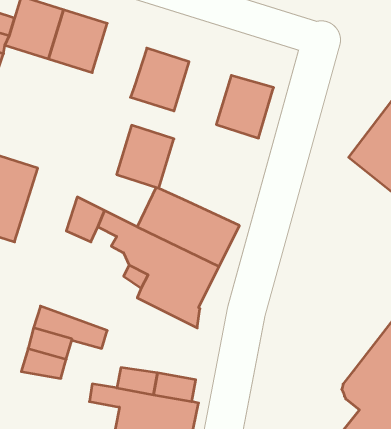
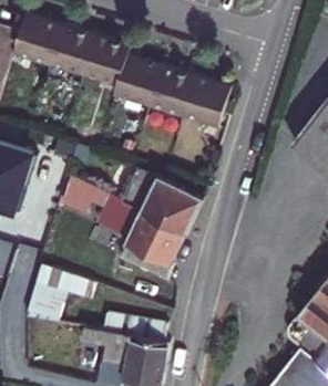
building: none -> [84,34,132,85]
building: [117,125,174,188] -> [151,65,197,116]

